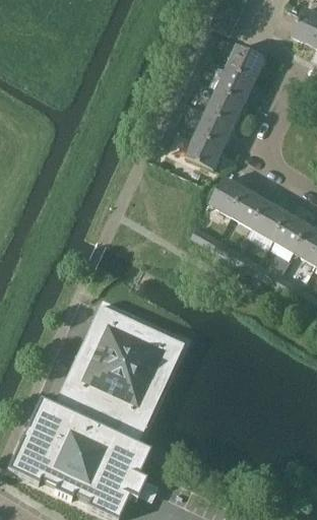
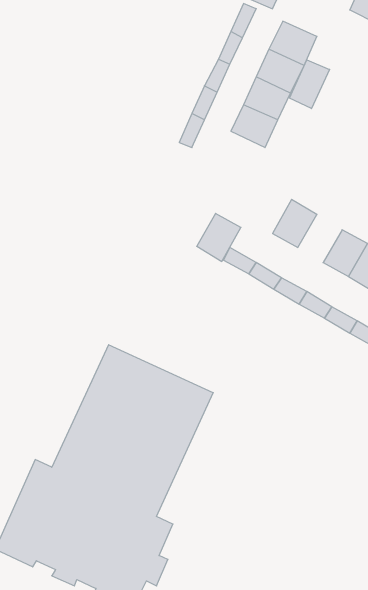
building: none -> [290,60,330,109]
building: [186,133,225,170] -> none
building: [210,177,246,215] -> [197,213,241,261]
building: [251,200,287,239] -> none

